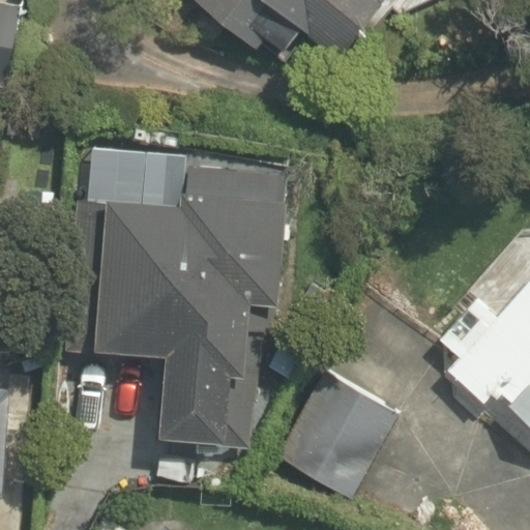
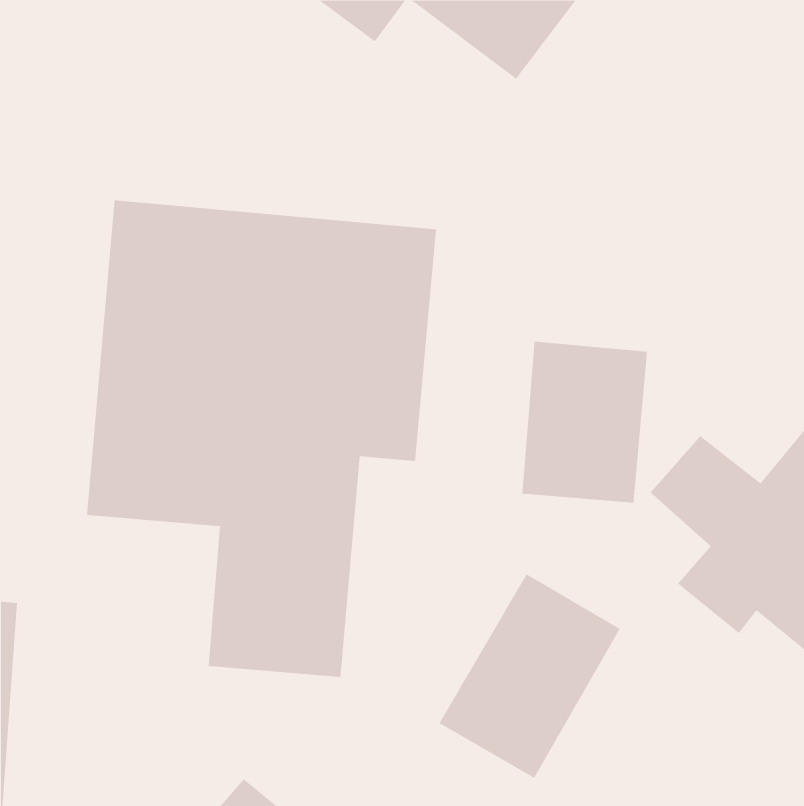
building: none -> [522,341,648,504]

